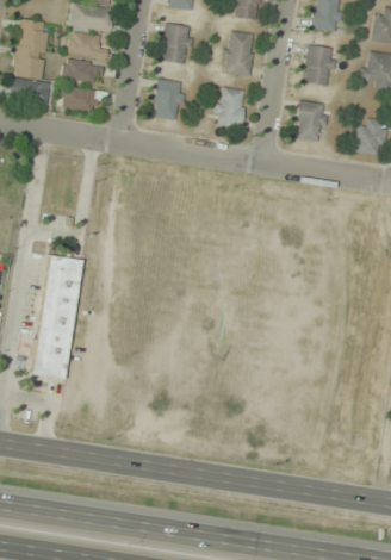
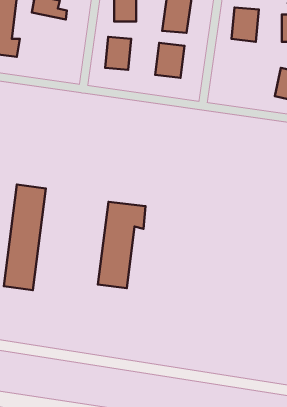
building: [61,58,103,83] -> none
building: [58,85,108,112] -> none
building: [293,100,328,142] -> none
building: none -> [98,202,145,288]

